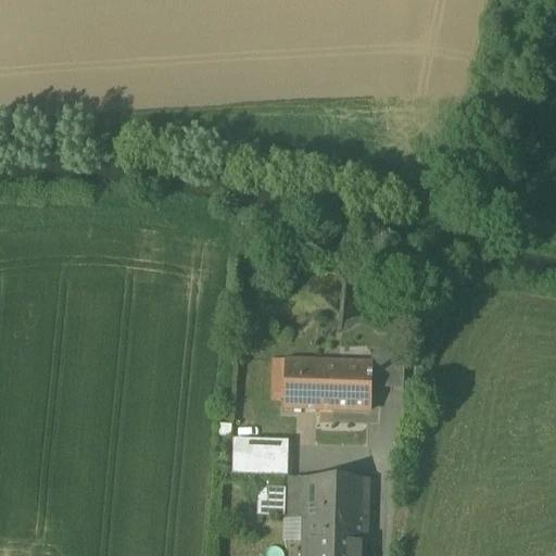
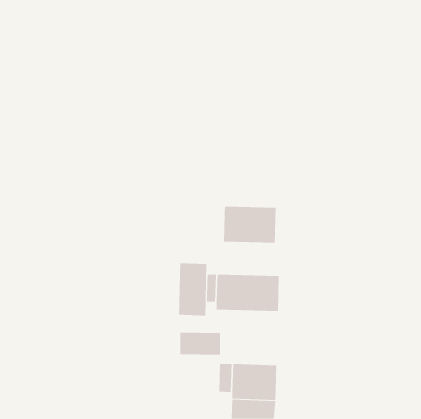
building: none -> [223,206,276,244]
building: none -> [179,262,207,316]

